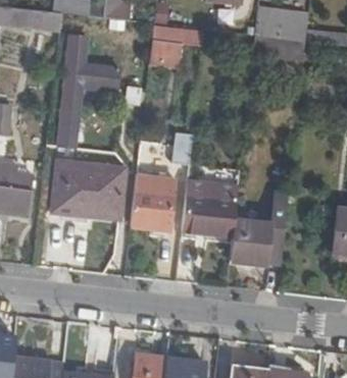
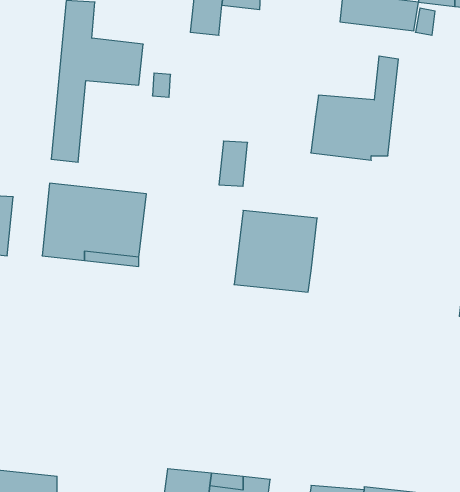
building: [130,175,174,230] -> none
building: [229,195,288,265] -> [311,56,398,160]

